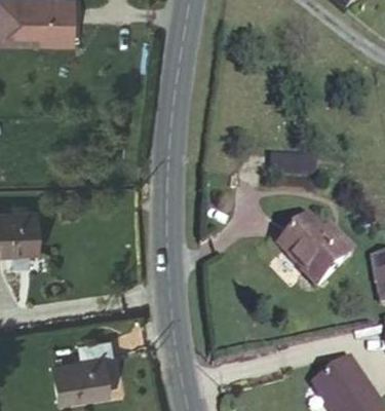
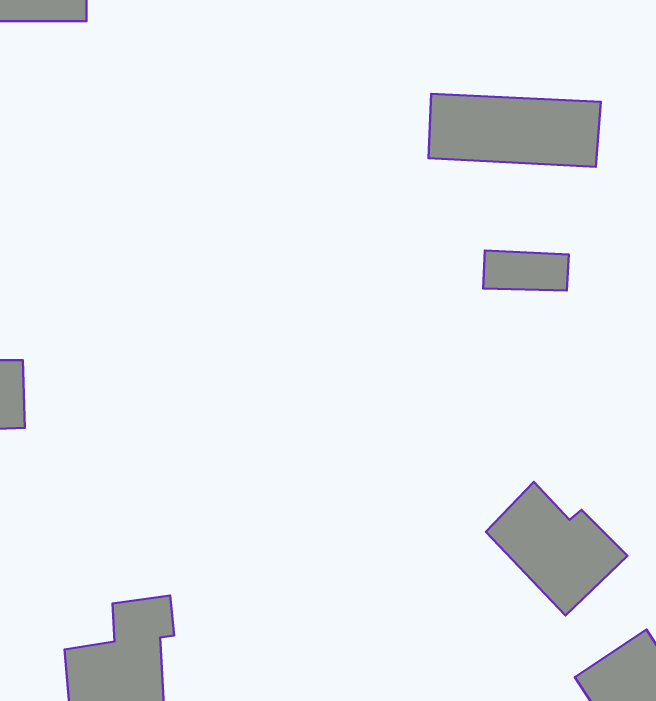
building: none -> [428,94,601,167]
building: [274,216,347,285] -> [486,482,627,616]

